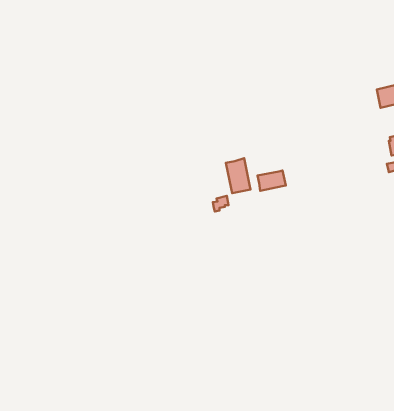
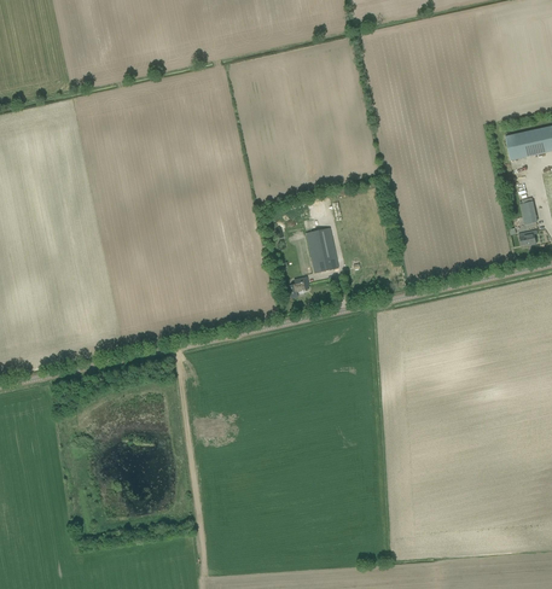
building: [258,171,286,191] -> none

